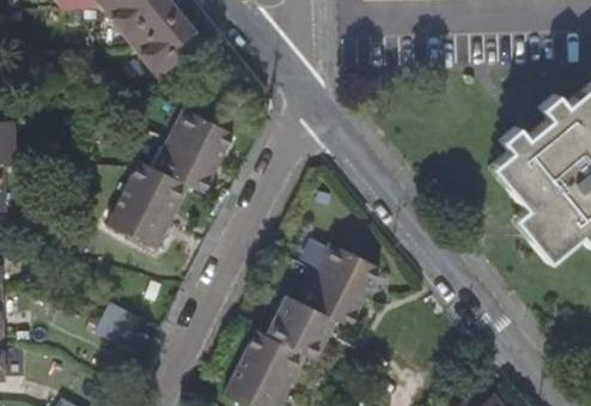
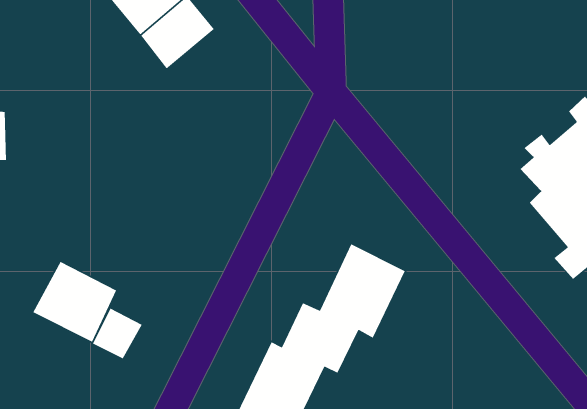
building: [108,107,233,250] -> none
building: none -> [32,261,117,343]

